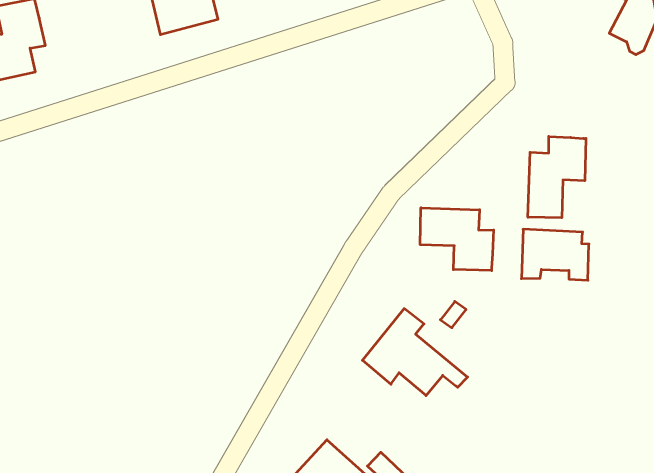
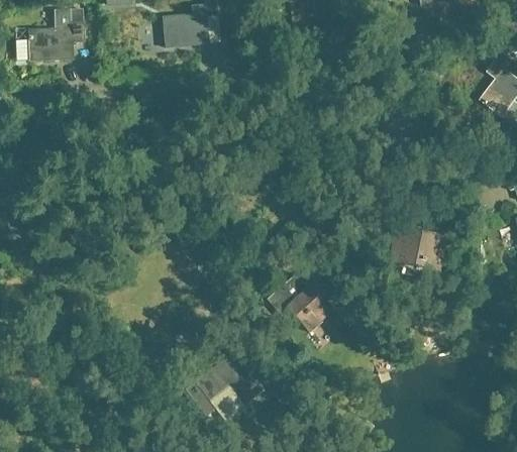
building: [528,136,586,218] -> none
building: [420,208,494,271] -> none

